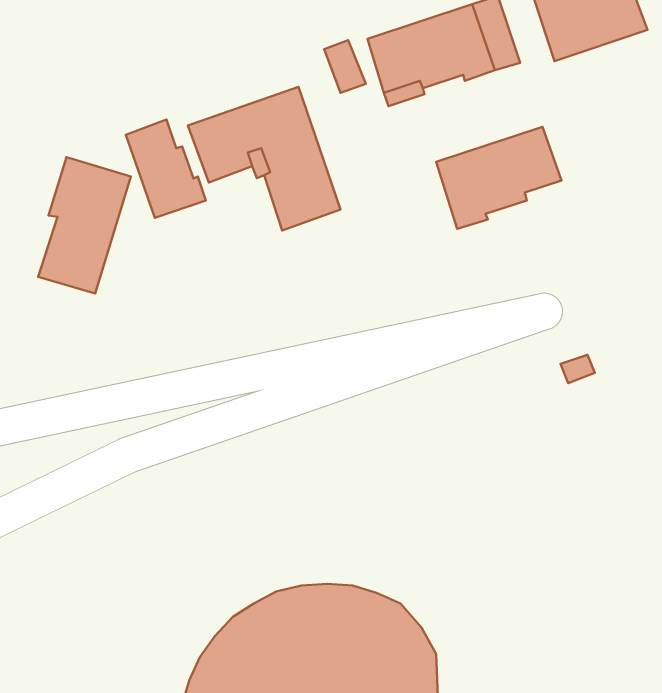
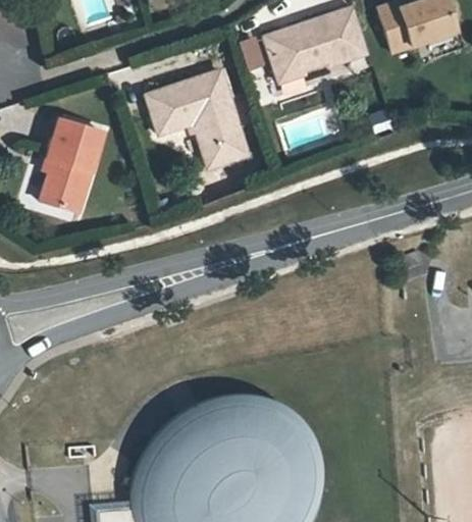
building: [126,120,206,218] -> none
building: [436,127,561,229] -> none

